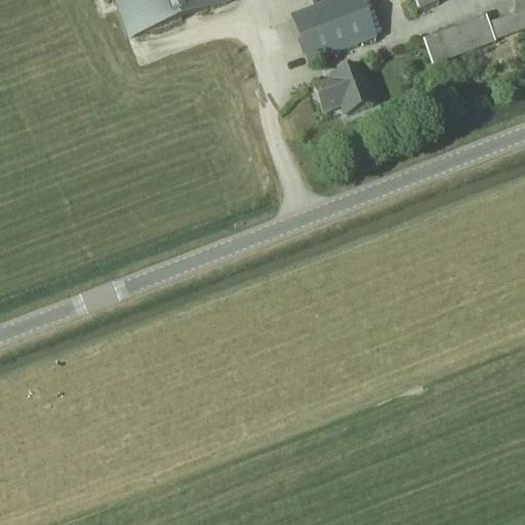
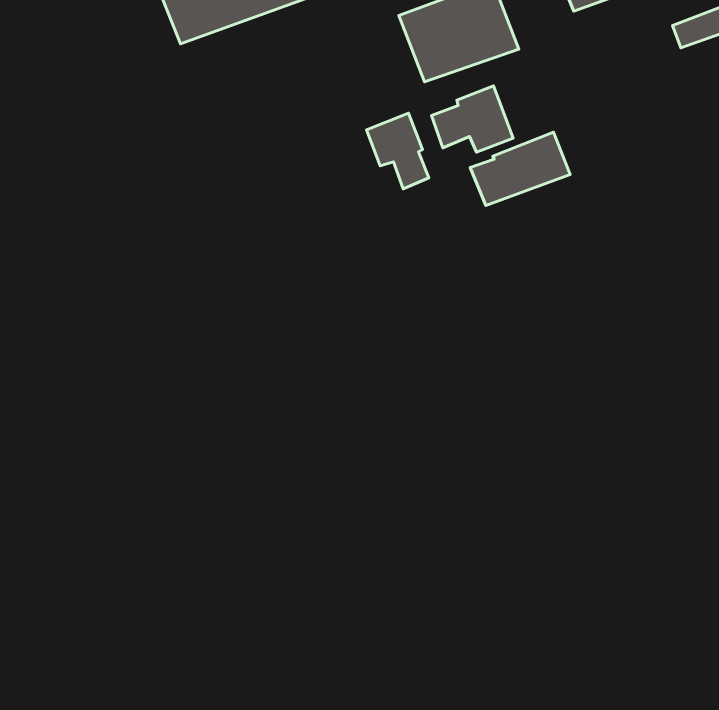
building: [422,7,495,60] -> [470,132,570,206]
building: none -> [366,113,429,189]

